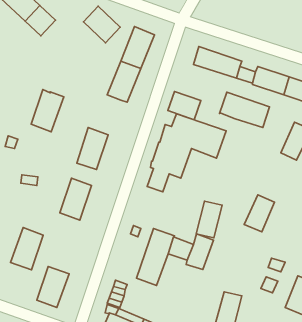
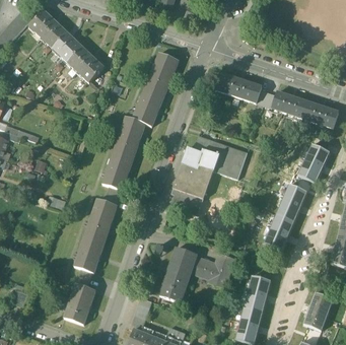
building: [83,6,120,43] -> [68,46,103,81]
building: [31,90,64,132] -> [114,116,145,156]
building: [168,91,201,120] -> none
building: [220,92,269,127] -> none
building: none -> [277,184,306,221]
building: [196,201,222,238] -> [245,276,270,312]
building: [10,228,43,270] -> [74,231,106,272]

